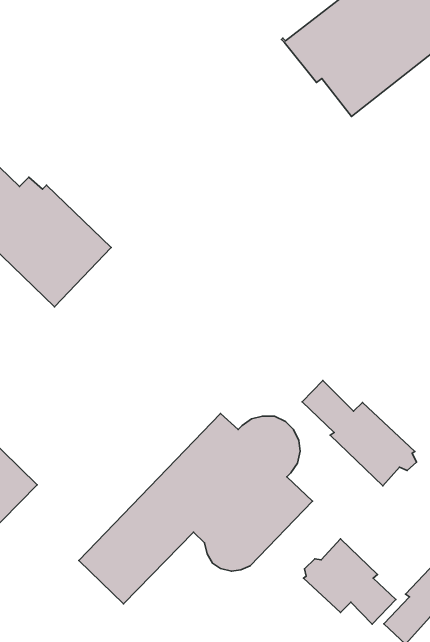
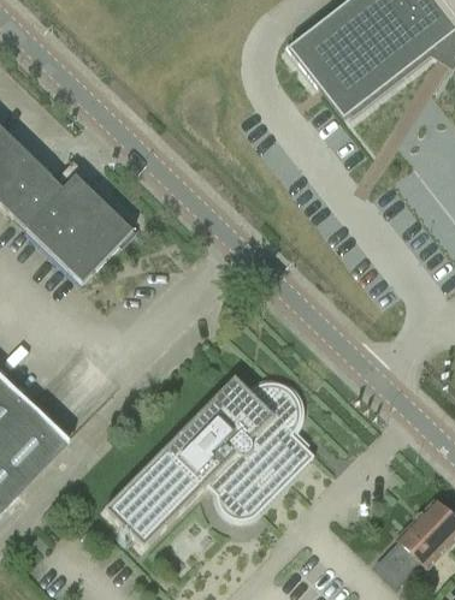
building: [302,380,416,486] -> none
building: [303,539,396,624] -> none

